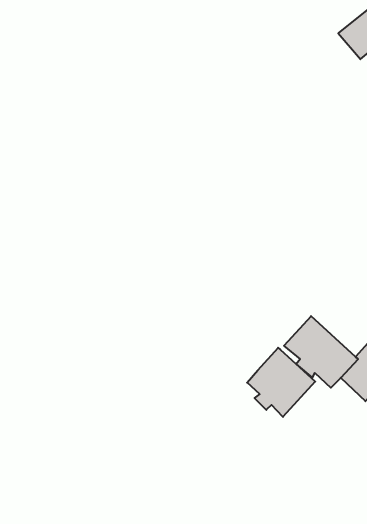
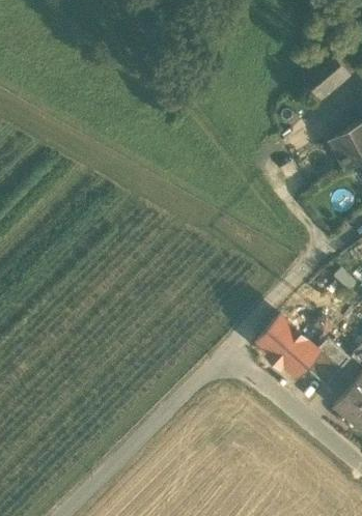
building: [247,348,315,417] -> none

